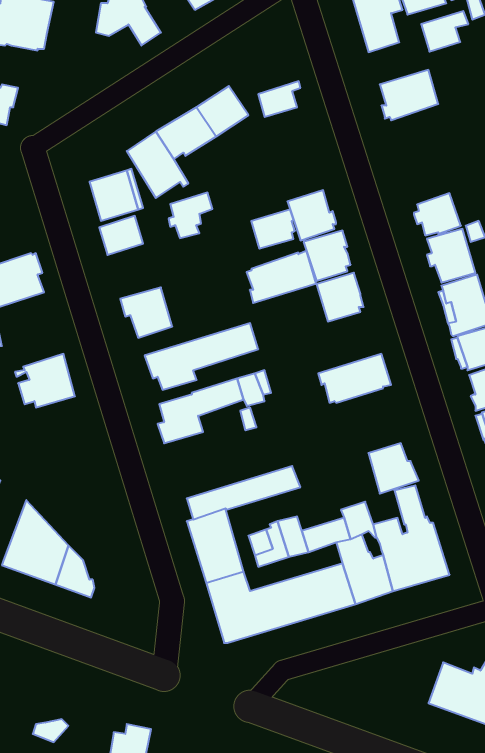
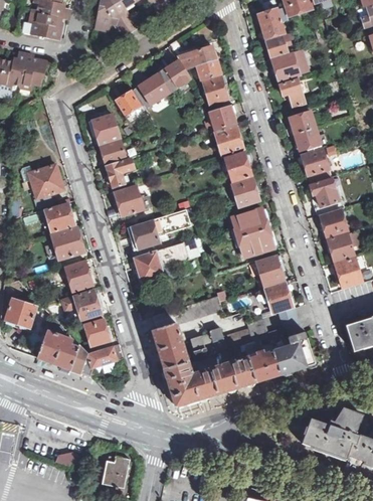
building: [421,11,468,52] -> [265,32,295,57]
building: none -> [170,40,221,69]
building: none -> [201,74,230,105]
building: none -> [279,77,306,106]
building: none -> [284,111,315,134]
building: [169,193,212,238] -> [106,159,133,187]
building: [251,210,295,249] -> [209,105,236,129]
building: [247,251,316,303] -> [229,206,272,238]
building: none -> [44,202,74,231]
building: none -> [256,255,287,286]
building: none -> [64,261,95,291]
building: none -> [73,289,104,320]
building: none -> [84,318,111,346]
building: none -> [87,343,127,371]

